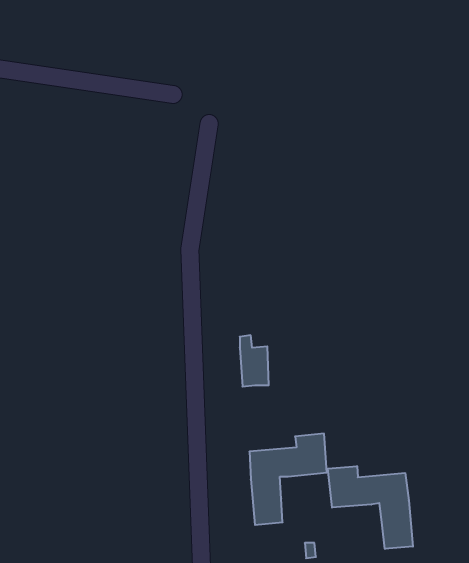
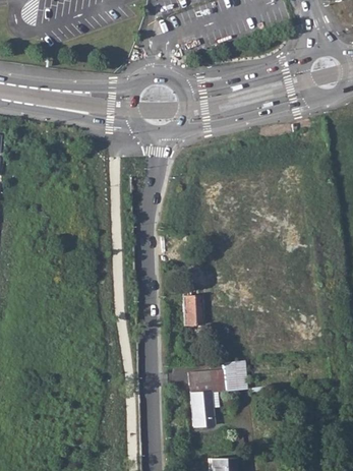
building: [328,466,413,549] -> none

